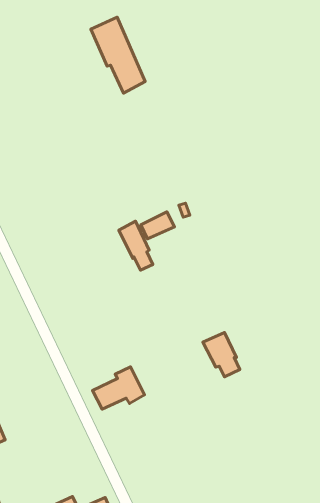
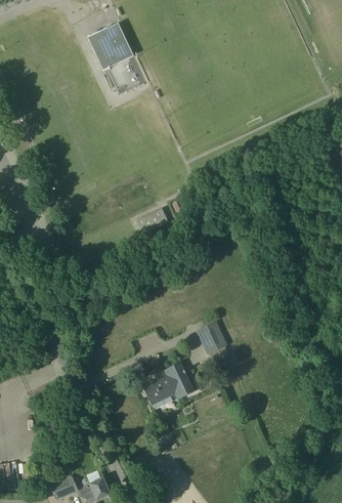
building: [119,221,153,270] -> none
building: [92,367,145,409] -> [143,363,193,403]

